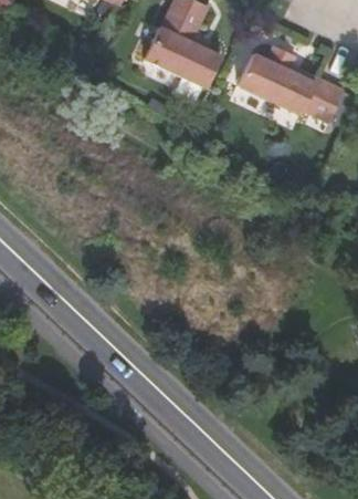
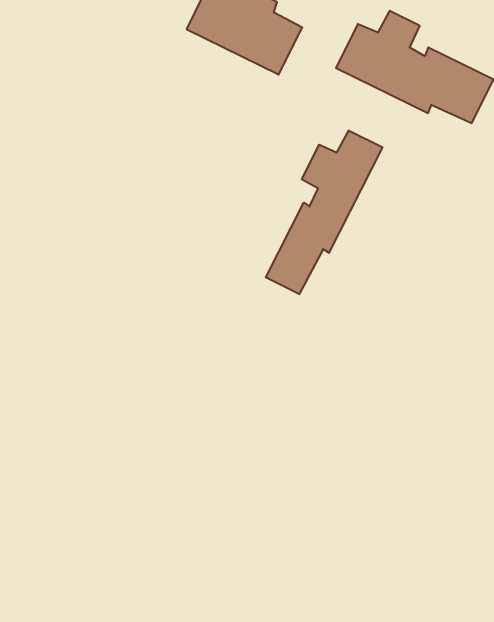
building: none -> [266,130,382,294]

